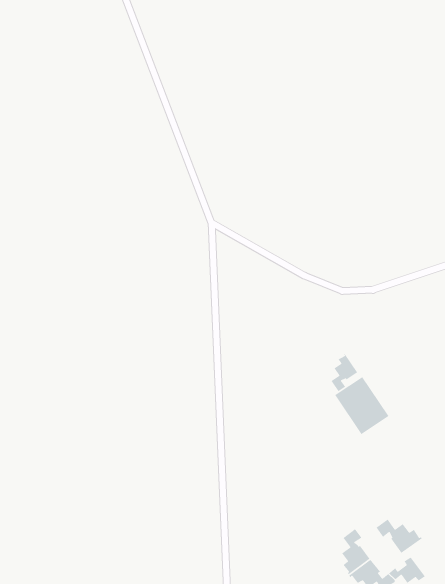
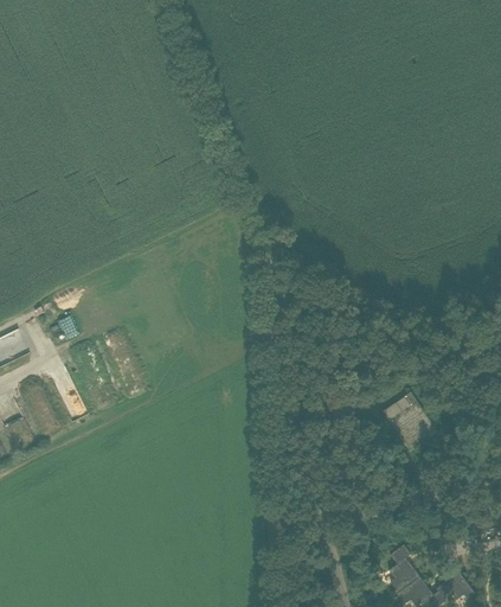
building: [330,353,358,392] -> none
building: [375,518,423,554] -> none

